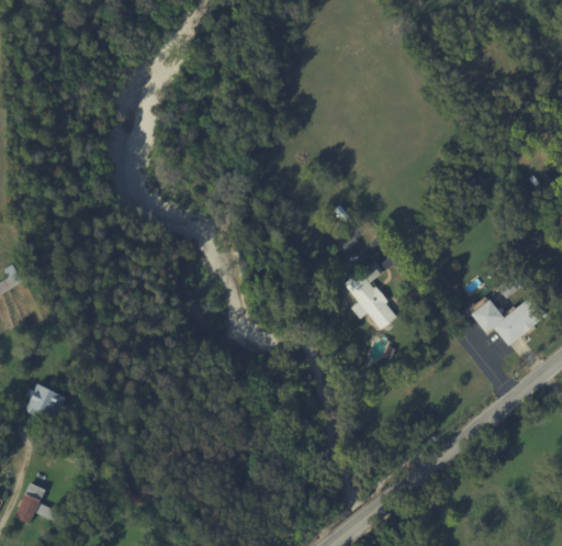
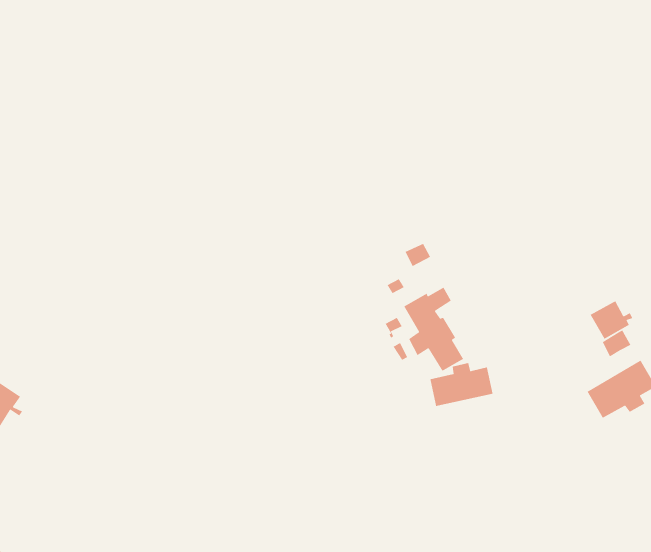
building: [471,299,505,331] -> [589,300,634,340]
building: none -> [429,362,493,407]

